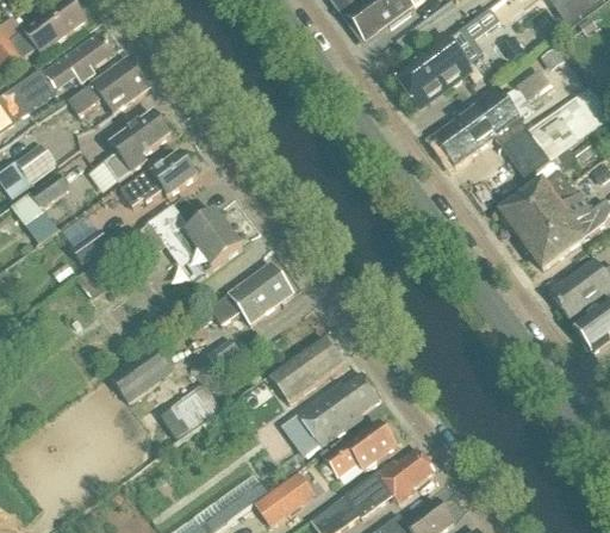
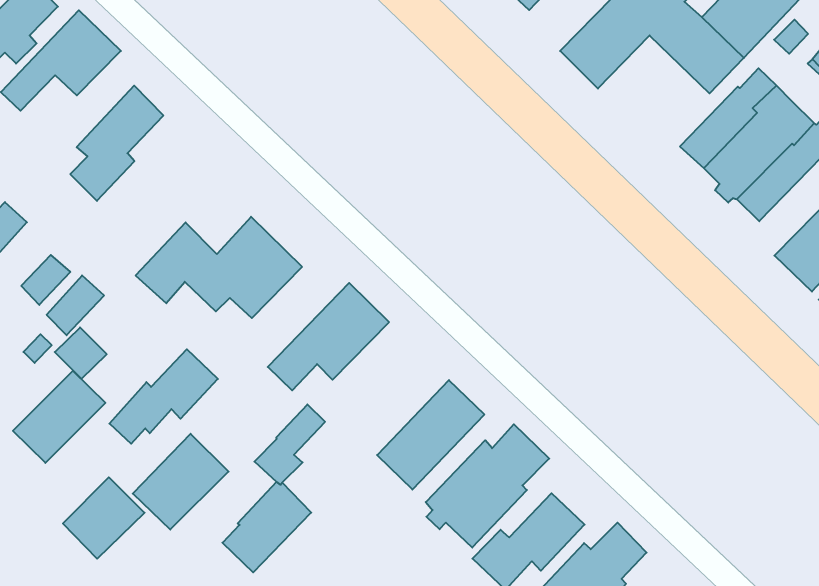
building: [123,151,198,206] -> [109,349,218,444]
building: none -> [13,371,105,463]
building: none -> [63,477,145,559]

